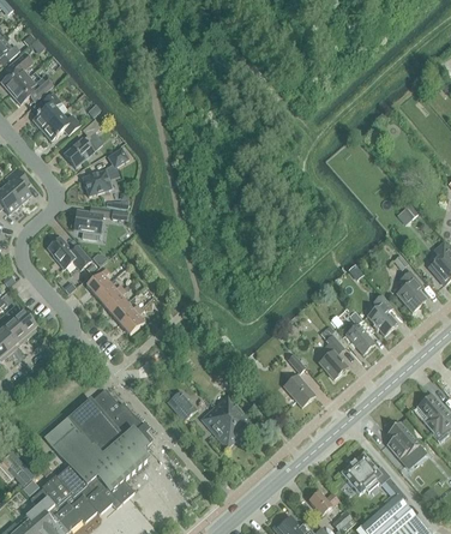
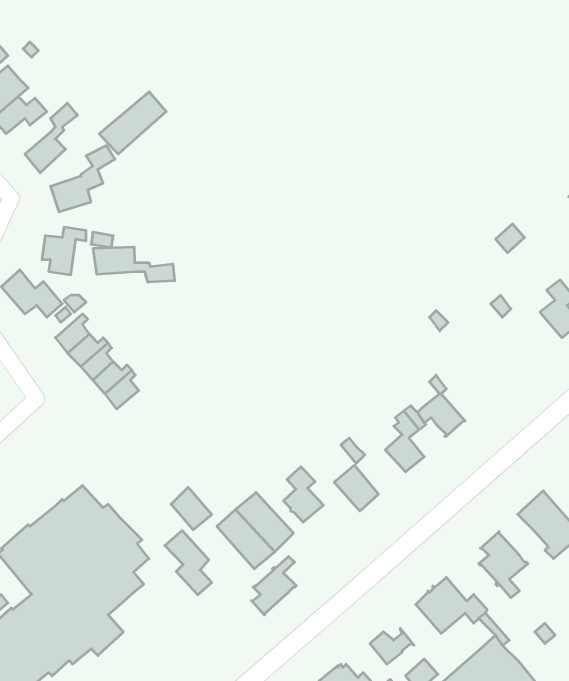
building: none -> [99,92,166,154]
building: none -> [93,247,175,282]
building: [397,271,425,311] -> none
building: [367,294,396,335] -> none
building: none -> [284,467,323,522]
building: none -> [165,531,212,595]
building: none -> [251,556,296,615]

